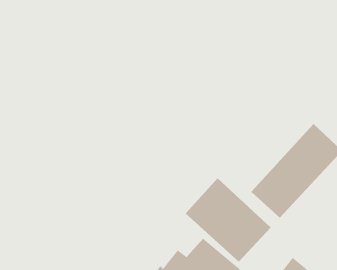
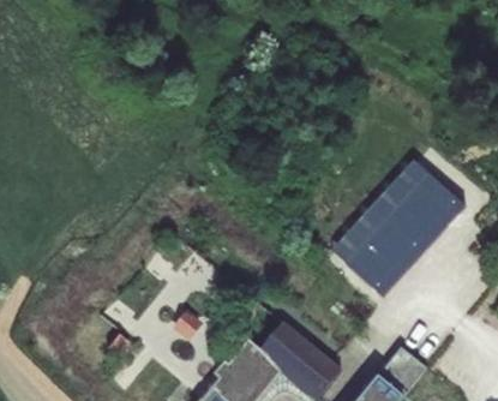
building: [185,177,272,263] -> none

